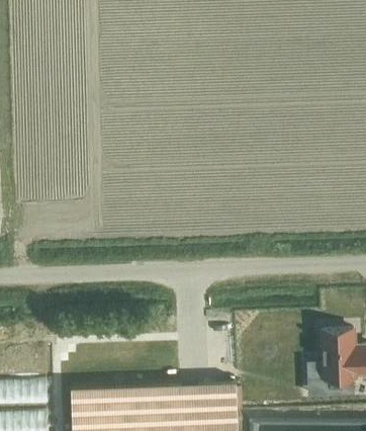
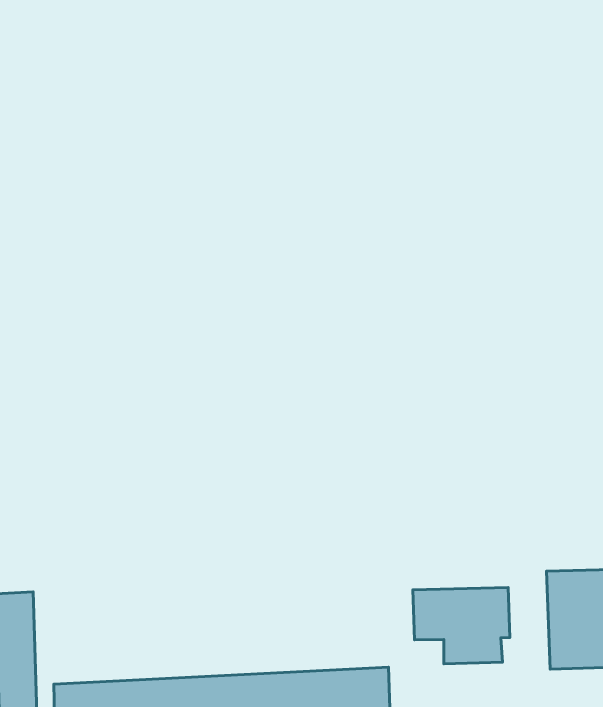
building: none -> [413,588,510,664]

